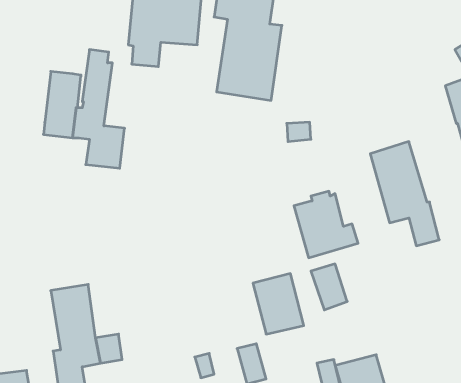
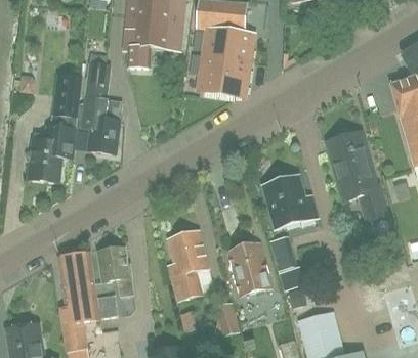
building: none -> [27,131,75,182]
building: none -> [168,230,210,301]
building: none -> [98,247,133,296]

